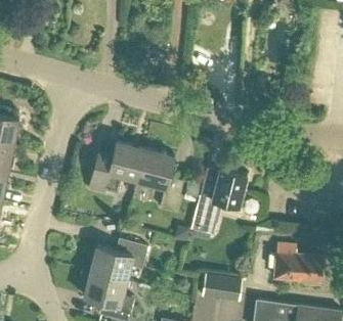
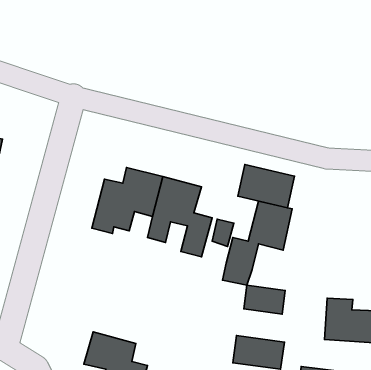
building: none -> [238,165,295,208]
building: none -> [244,285,285,314]
building: [91,238,147,280] -> none

